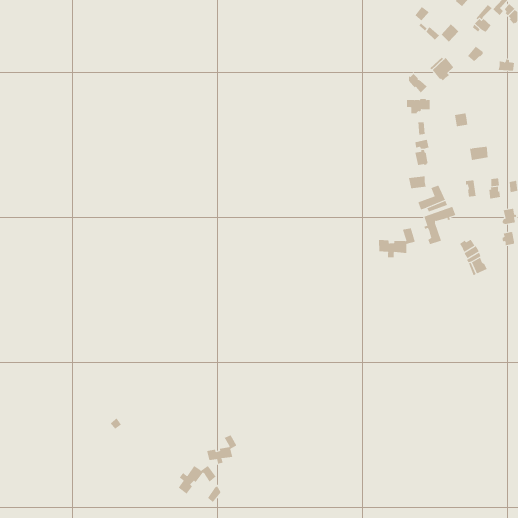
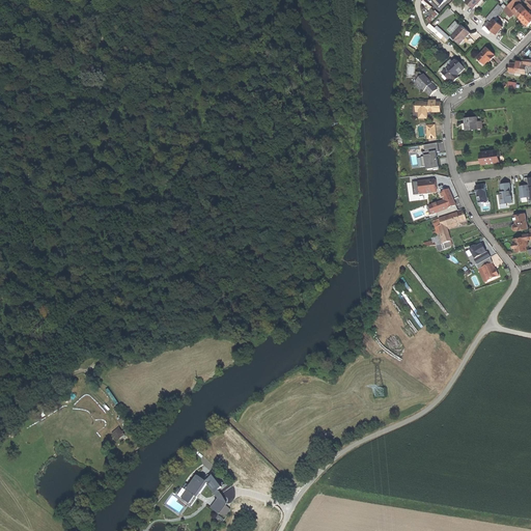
building: [379,228,415,258] -> none
building: [207,434,237,464] -> none

